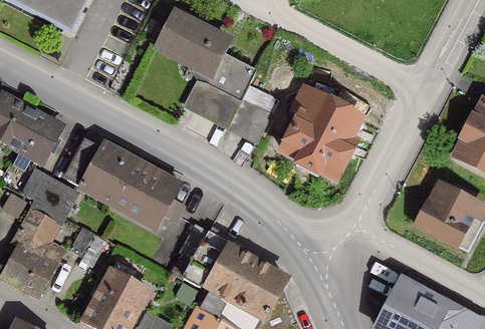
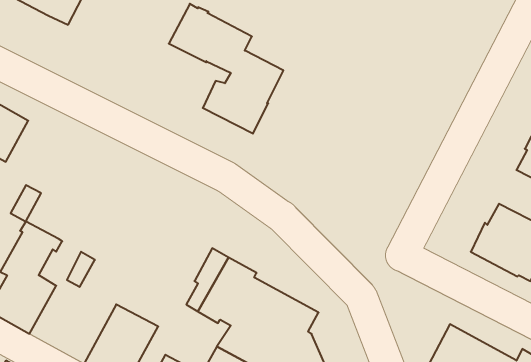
building: [283,89,358,177] -> none
building: [229,97,271,138] -> none
building: [17,112,61,160] -> none
building: [66,139,184,225] -> none
building: [34,175,75,214] -> none

